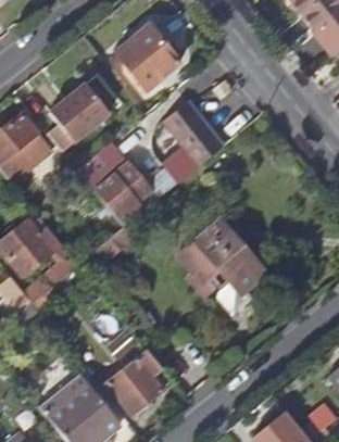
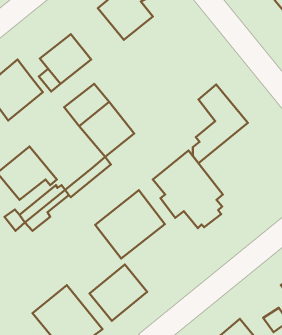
building: [158,101,222,192] -> [193,85,248,163]
building: none -> [95,190,165,259]

